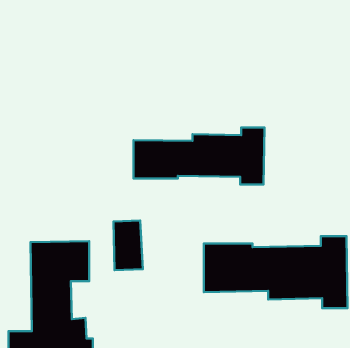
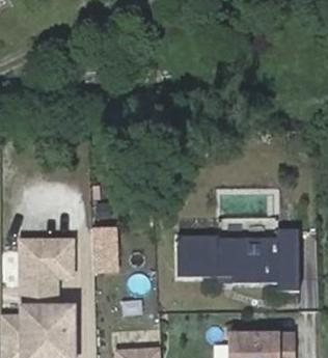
building: [134,127,264,184] -> none

